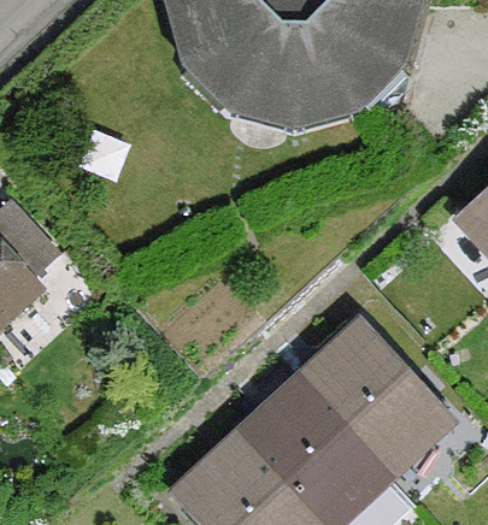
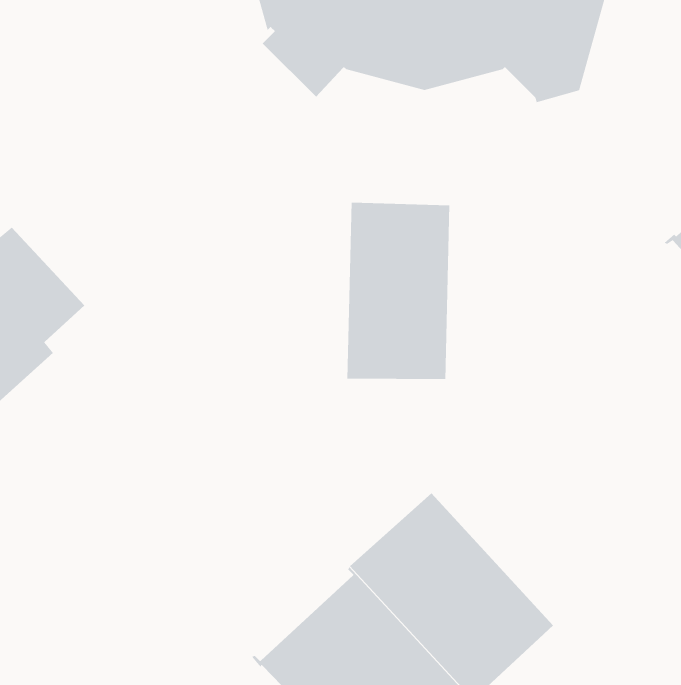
building: none -> [347,202,450,380]
building: [299,322,451,476] -> none

